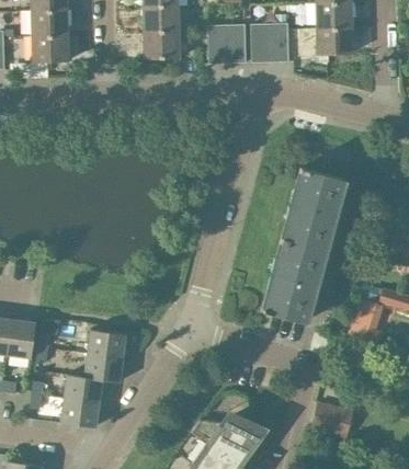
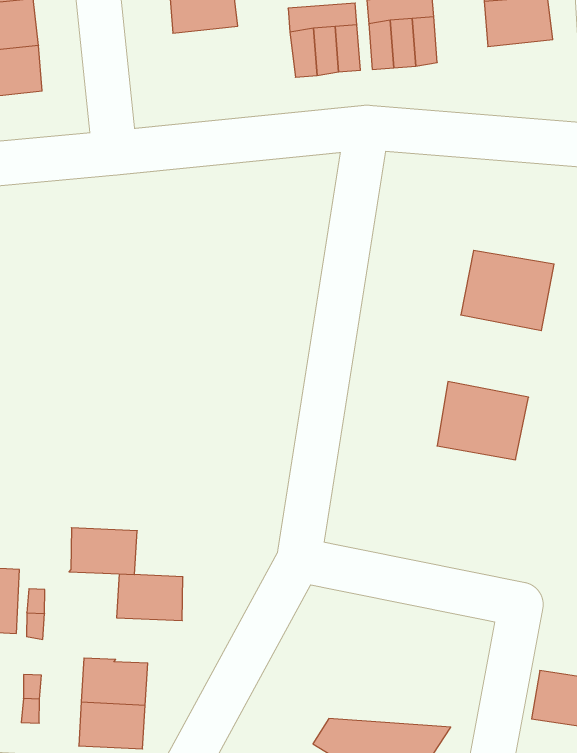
building: [144,33,180,59] -> none
building: [281,202,334,250] -> none
building: [262,273,315,321] -> none
building: [84,354,124,382] -> [69,528,137,575]

